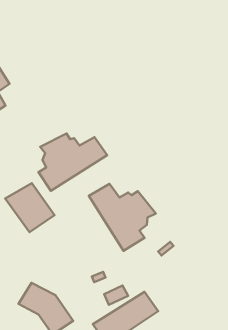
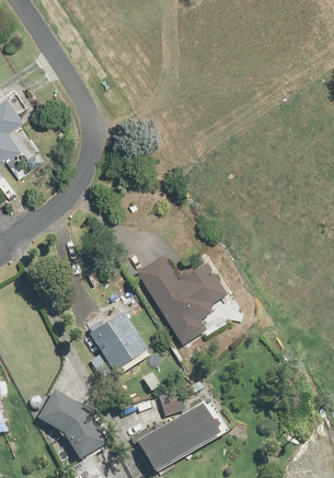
building: [39,133,107,191] -> none
building: [5,183,55,232] -> [88,305,154,372]

